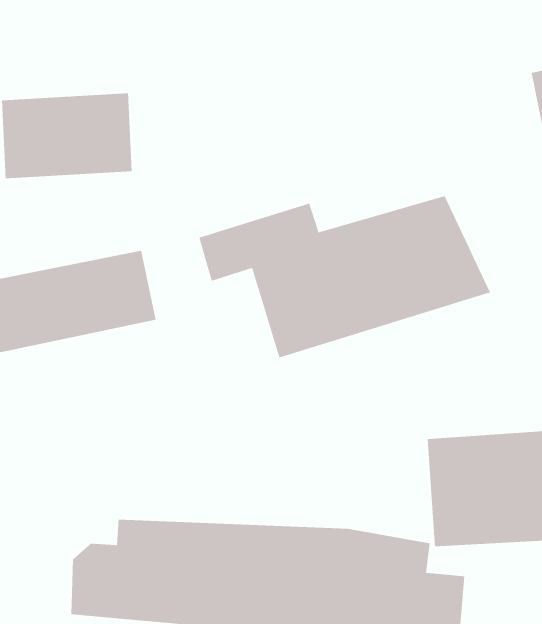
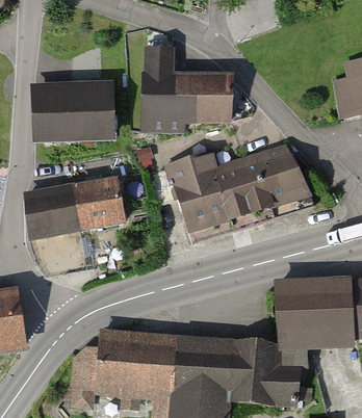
building: none -> [146,48,231,127]

